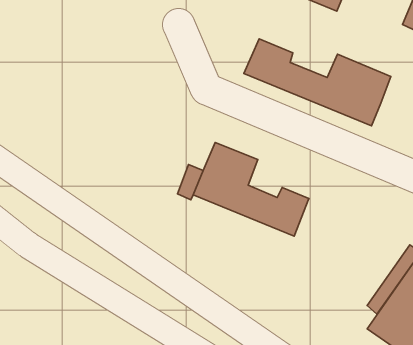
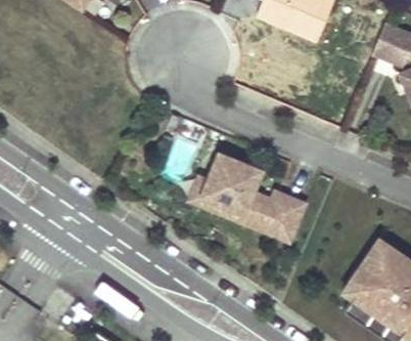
building: [244,39,391,126] -> none

